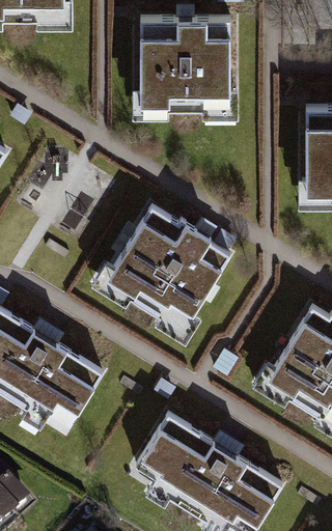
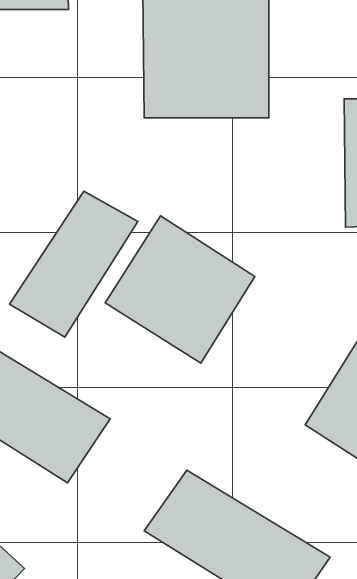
building: none -> [10,191,138,337]

